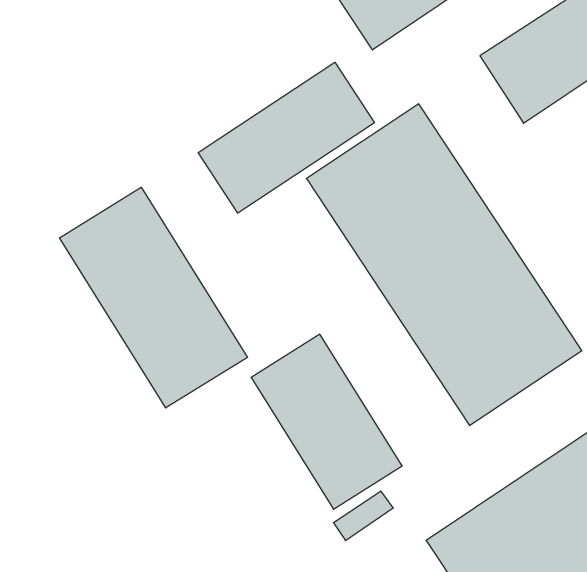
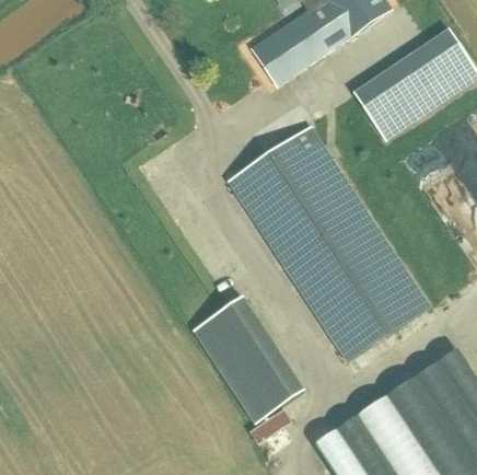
building: [198,62,374,213] -> none
building: [60,187,248,408] -> none

